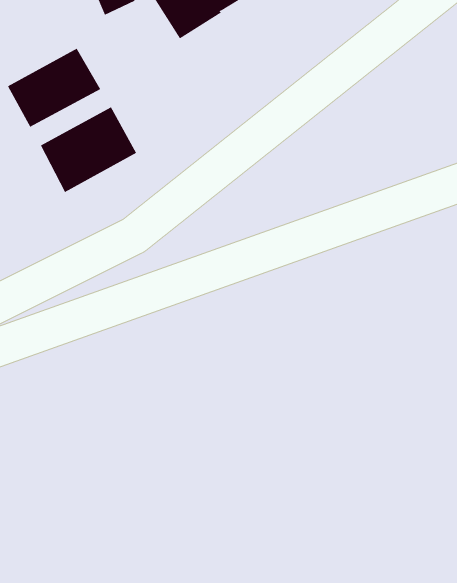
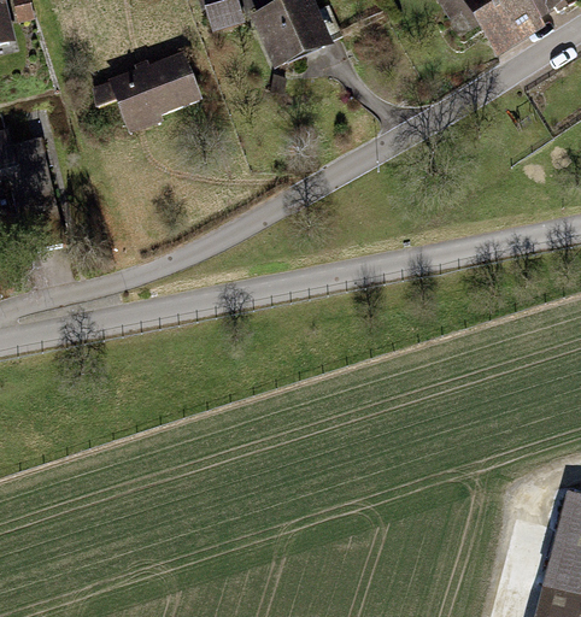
building: [40,106,137,193] -> none

